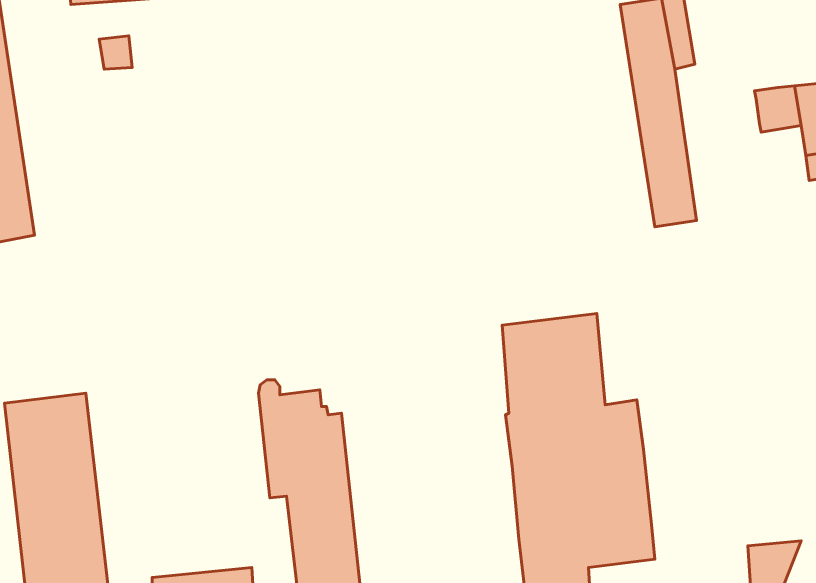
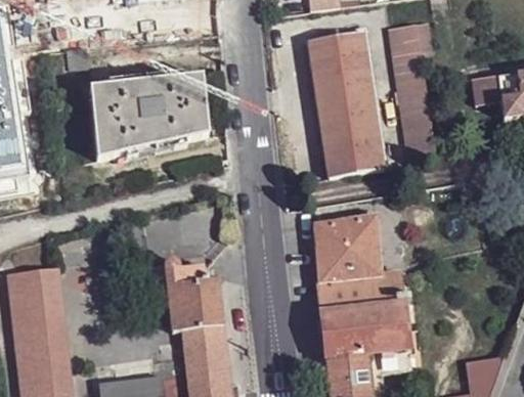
building: none -> [307,31,382,177]
building: none -> [89,76,207,159]

